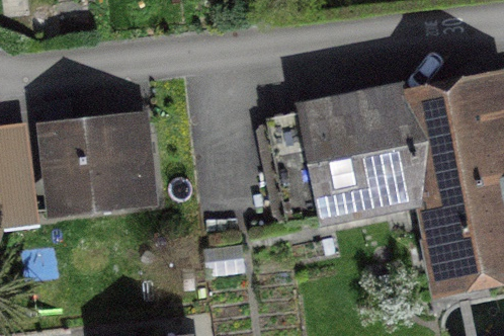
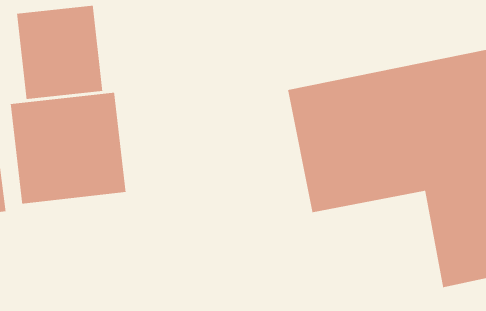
building: none -> [16,5,103,100]

